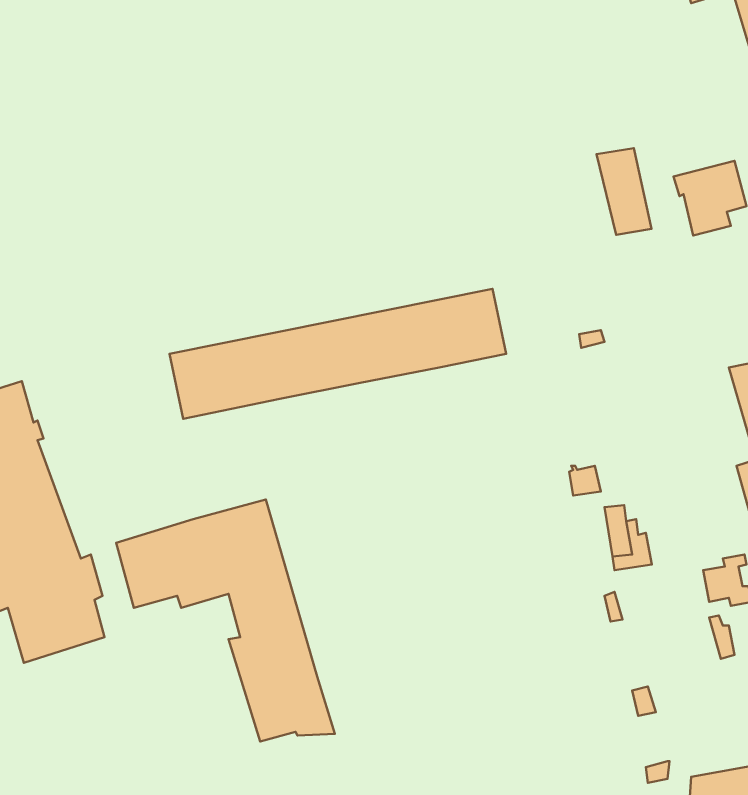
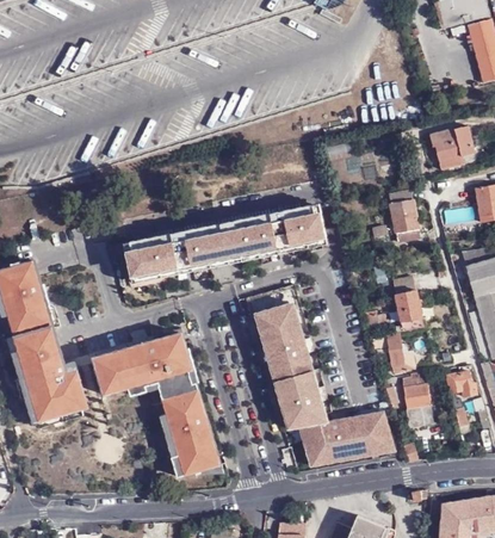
building: [596,148,652,235] -> [388,191,421,243]
building: none -> [392,277,423,332]
building: none -> [253,302,397,469]
building: none -> [402,372,433,429]

